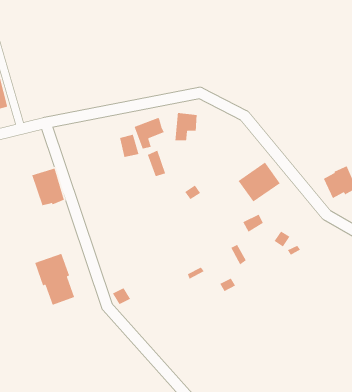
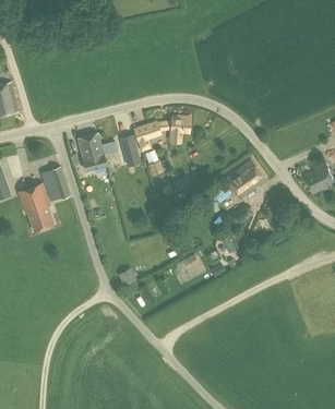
building: none -> [77,132,106,169]
building: [34,253,75,306] -> [16,182,53,230]

